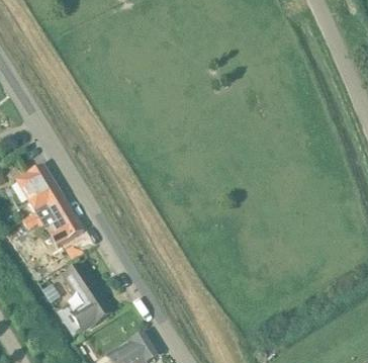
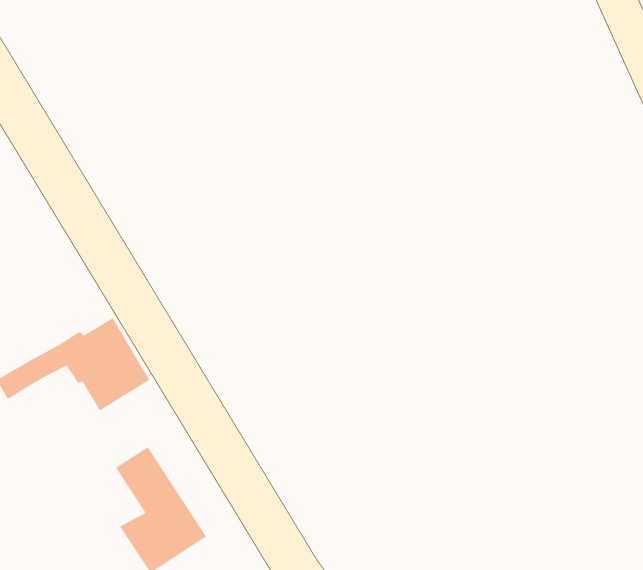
building: [16,166,63,212] -> none

